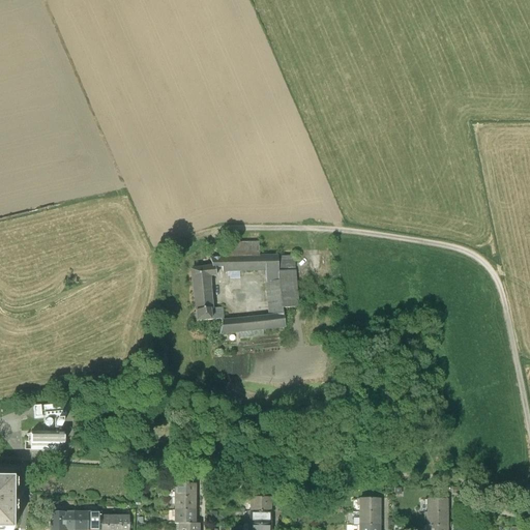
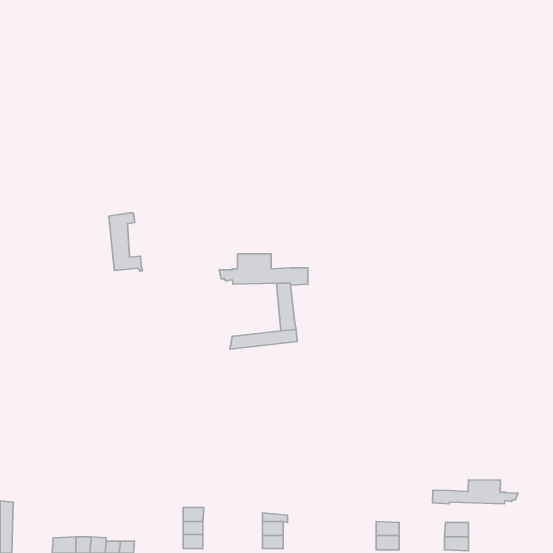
building: [193,266,225,322] -> [109,213,143,271]
building: [278,271,298,308] -> none
building: [30,432,65,450] -> none
building: none -> [433,480,518,504]

